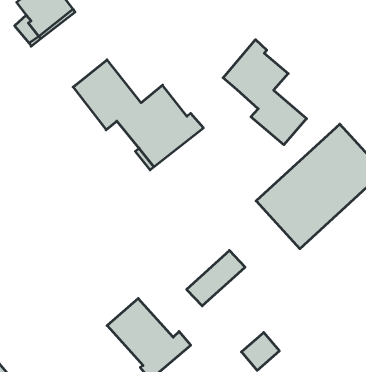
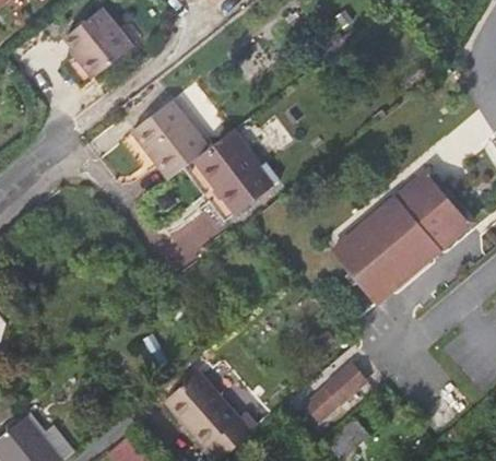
building: [223,40,307,145] -> none
building: [187,250,245,306] -> [304,356,369,418]

